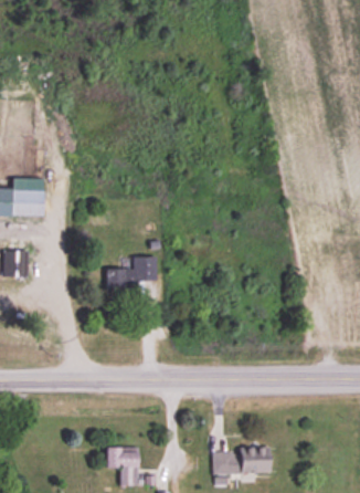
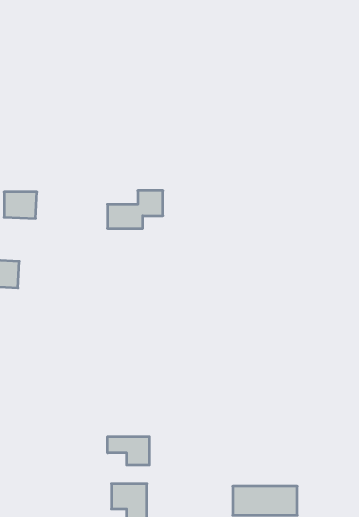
building: [107,256,156,290] -> [107,191,163,228]
building: none -> [108,437,149,465]

